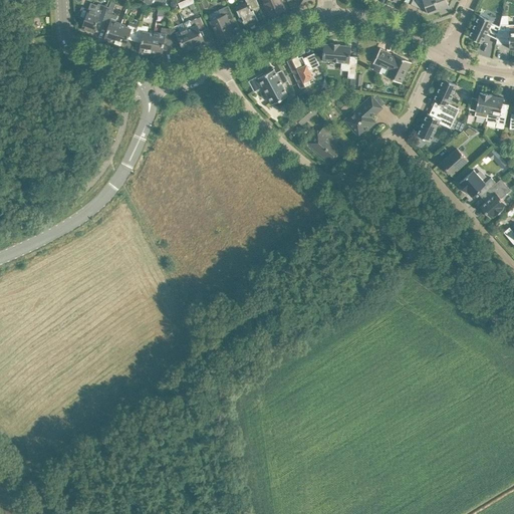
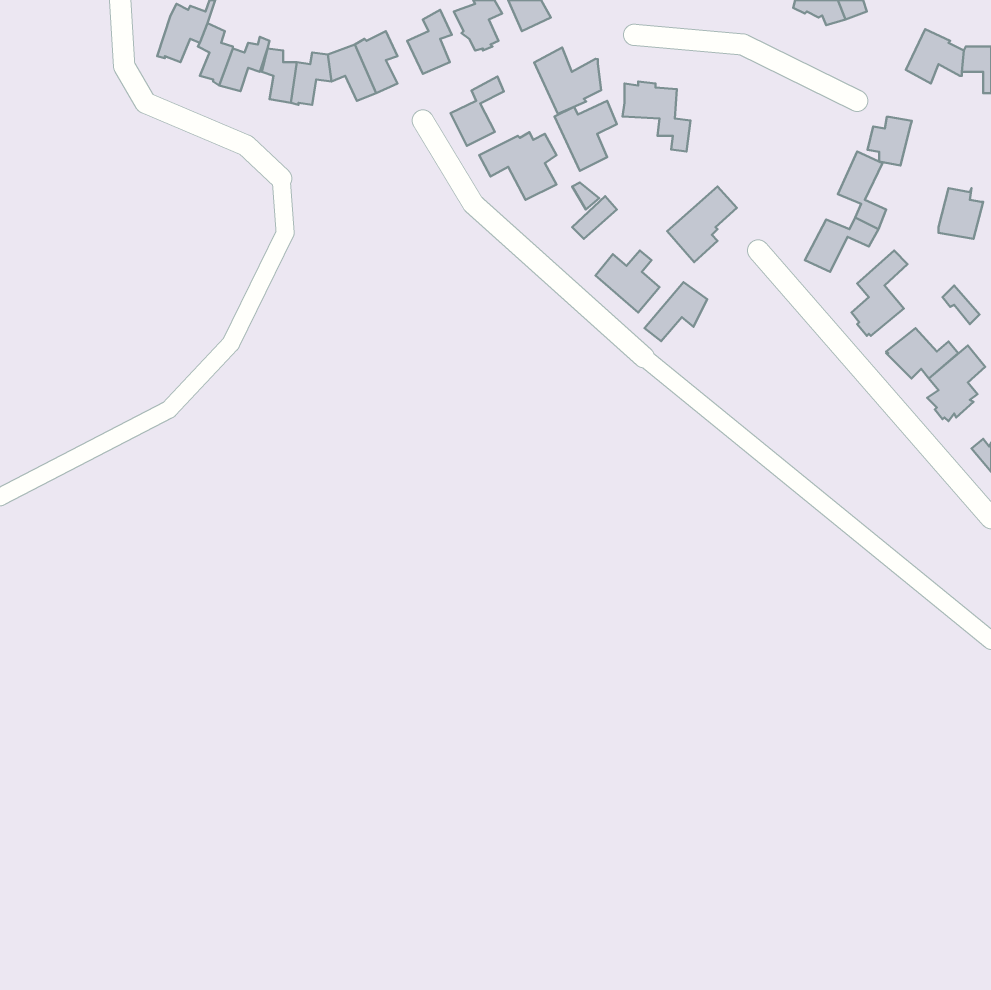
building: none -> [534,47,601,114]
building: none -> [450,77,504,146]
building: [373,49,411,83] -> none
building: [469,93,492,118] -> [867,117,912,165]
building: none -> [645,282,707,341]

